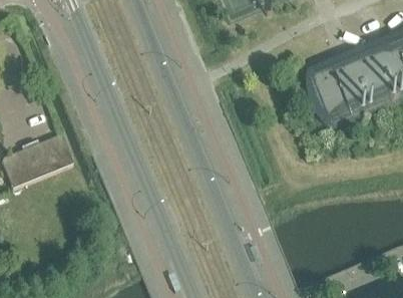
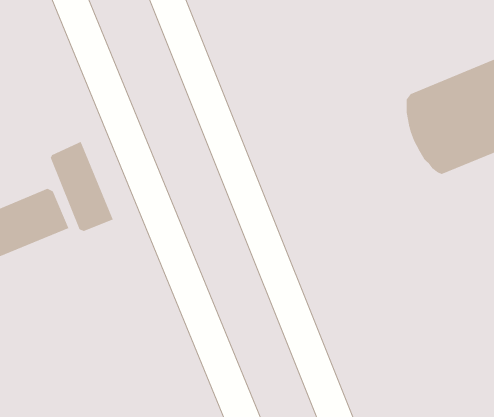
building: none -> [50,141,114,232]

